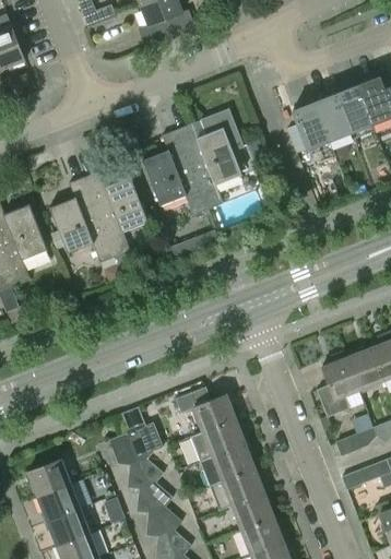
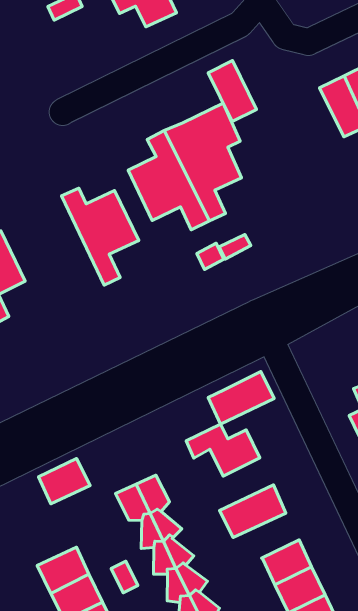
building: [292,104,331,156] -> [208,61,257,122]
building: [50,179,115,265] -> none
building: [190,418,247,461] -> [208,372,274,424]
building: [29,459,73,496] -> [39,459,90,504]
building: [209,467,265,511] -> none

